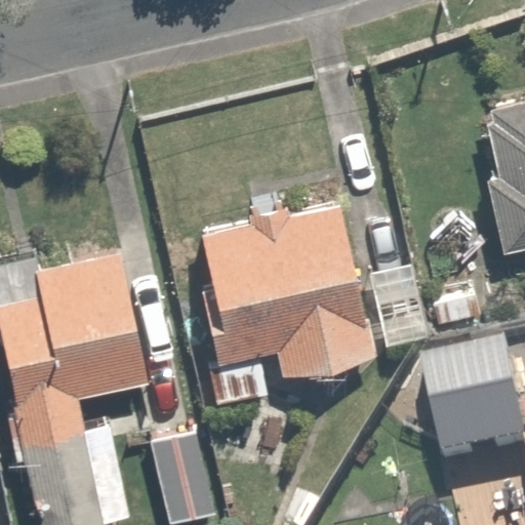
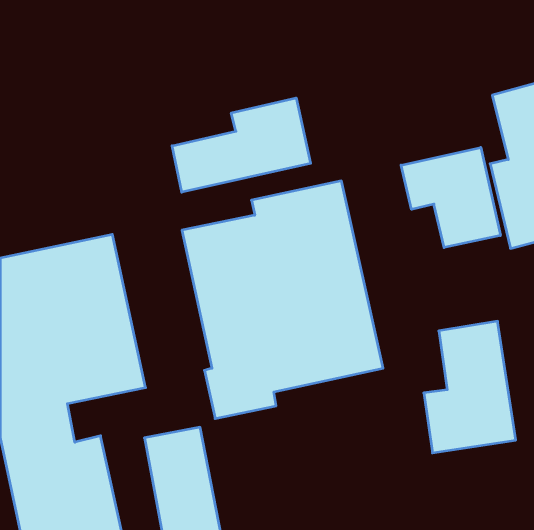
building: none -> [172,98,311,192]
building: none -> [401,147,500,248]

